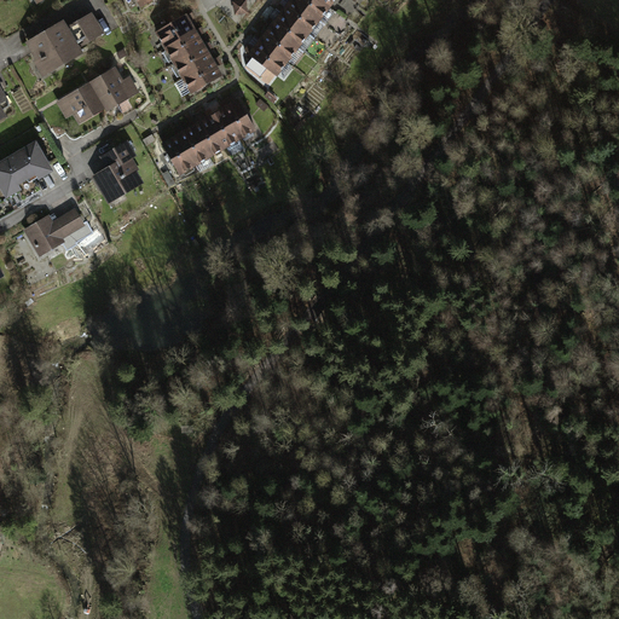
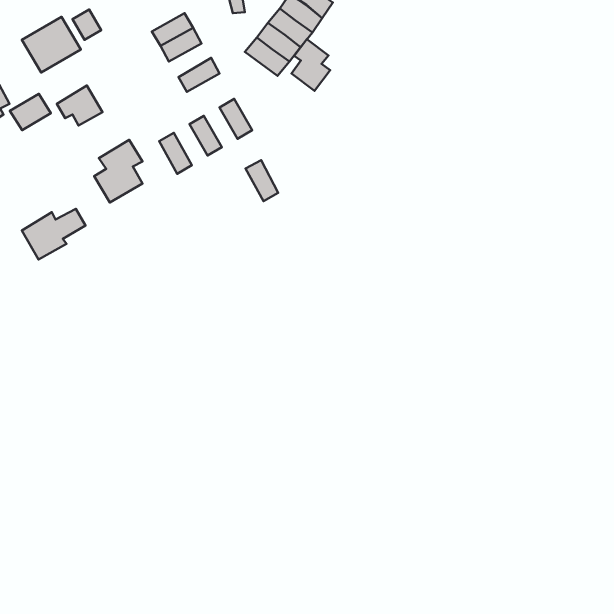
building: none -> [291,39,330,91]
building: [169,44,212,76] -> none
building: [89,69,137,112] -> none
building: [204,108,237,149] -> [245,160,278,201]
building: [174,125,207,166] -> none
building: [5,147,46,184] -> [10,94,51,130]

